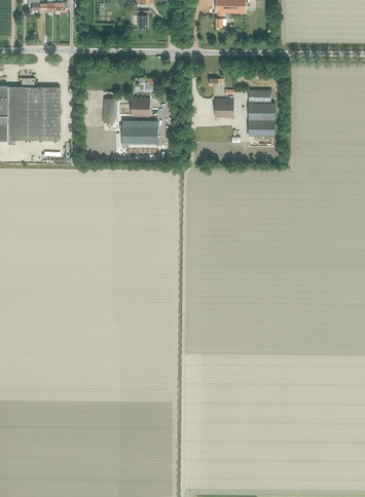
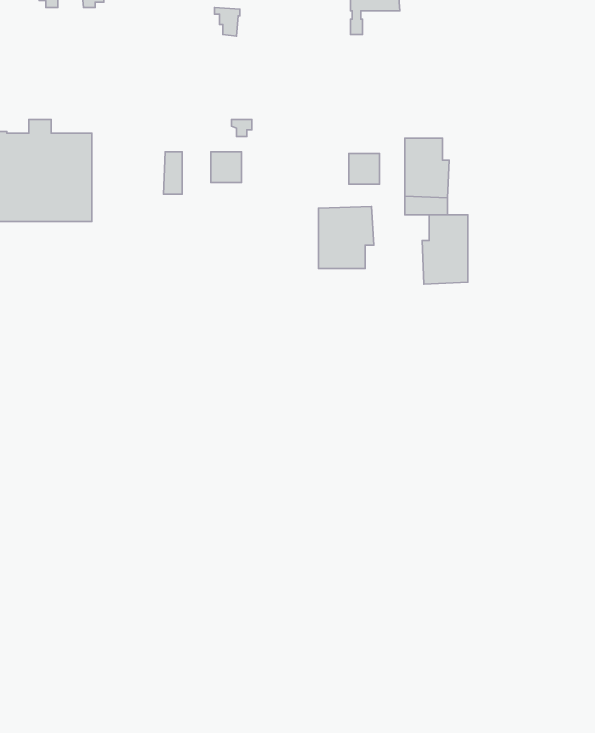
building: [121,120,157,146] -> none
building: none -> [319,206,374,268]
building: none -> [422,215,468,284]

